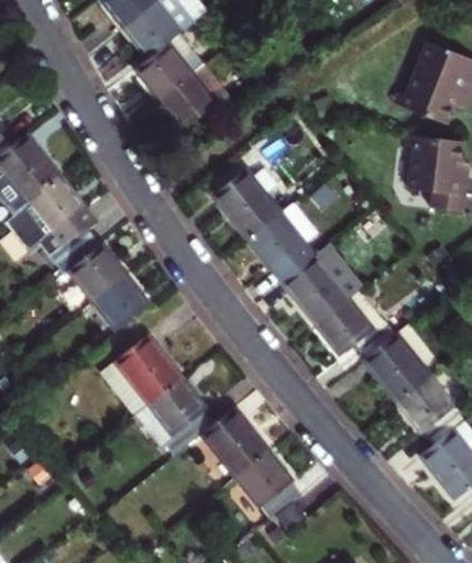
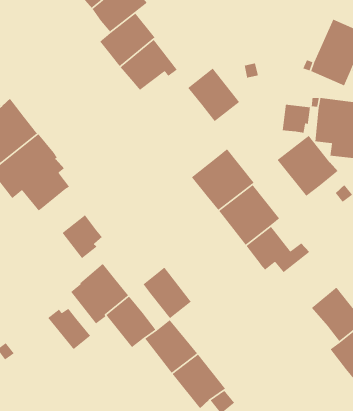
building: none -> [282,104,311,134]
building: [218,168,284,236] -> [187,68,240,122]
building: none -> [277,135,338,197]
building: [66,252,120,306] -> none
building: [367,330,433,399] -> none
building: none -> [142,267,192,319]
building: none -> [47,308,91,350]

